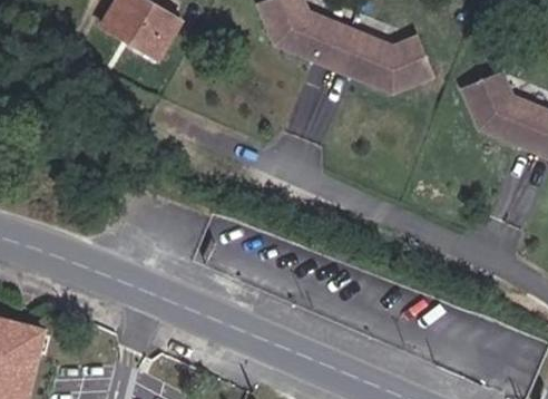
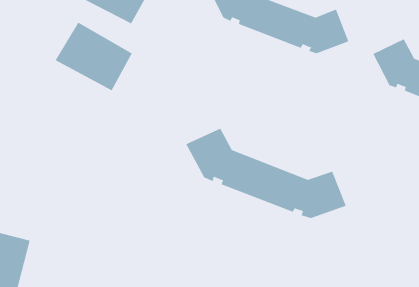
building: none -> [55,22,133,91]
building: none -> [186,128,346,219]

